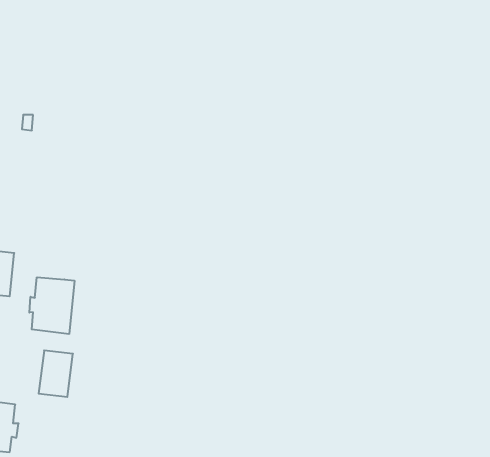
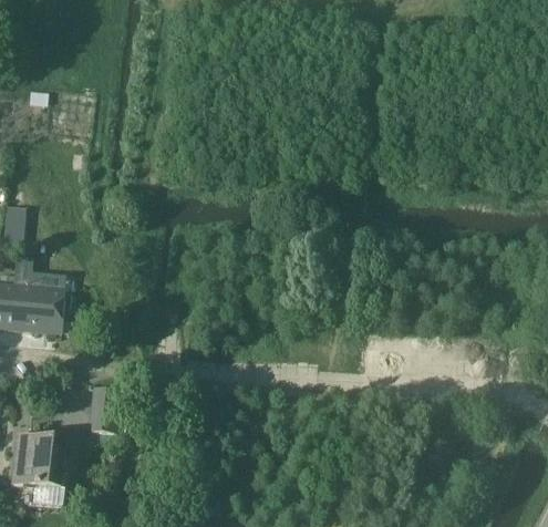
building: [29,277,74,334] -> none

